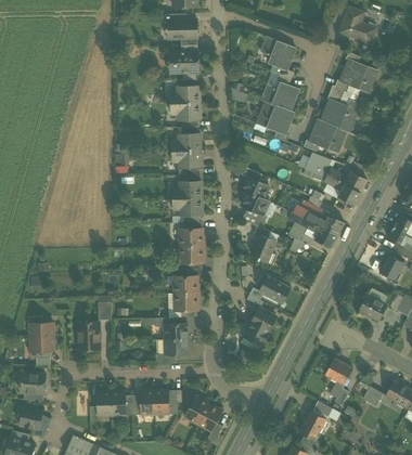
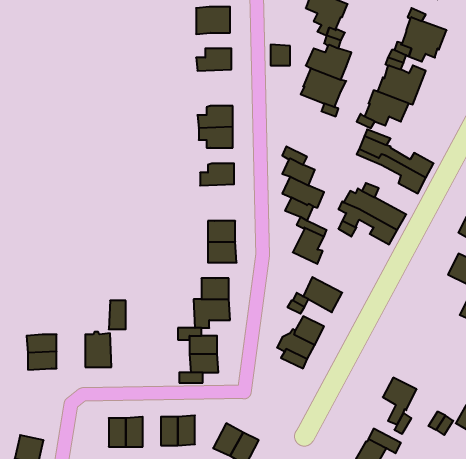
building: [171,103,199,120] -> none
building: [173,198,202,216] -> none
building: [359,289,387,322] -> none
building: [18,373,47,394] -> none

